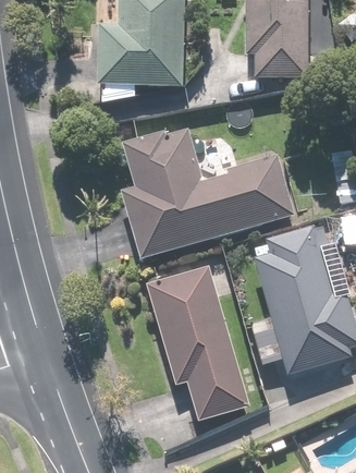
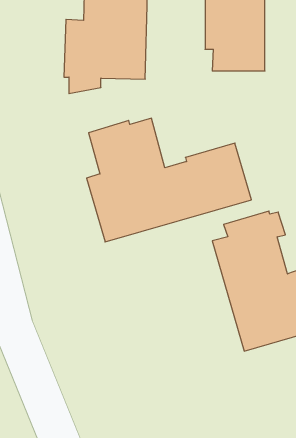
building: [146,265,250,421] -> none

